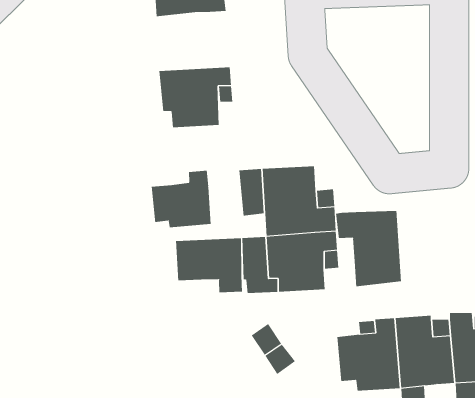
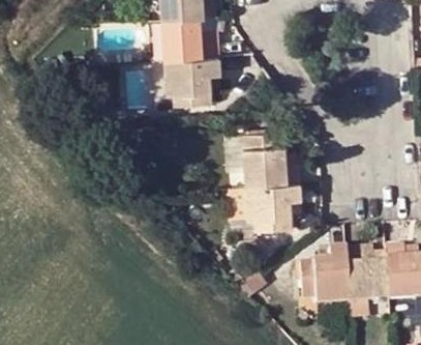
building: none -> [160,16,217,60]
building: [151,170,211,228] -> none
building: [335,210,402,287] -> none
building: [176,238,243,293] -> none

